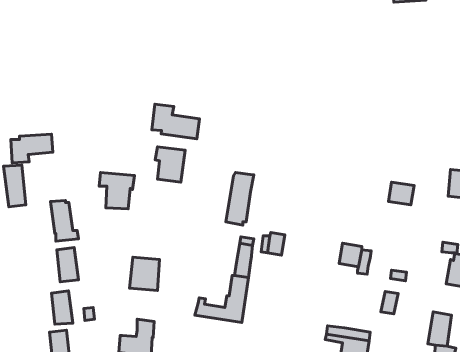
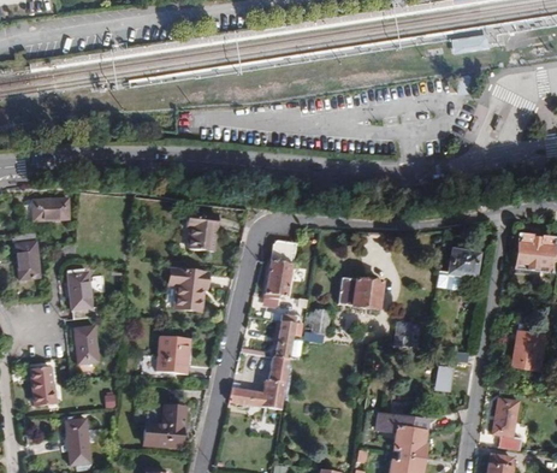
building: [152,104,199,139] -> none
building: [99,172,135,209] -> [168,268,208,309]
building: none -> [337,276,383,309]
building: [52,291,73,324] -> [31,367,55,404]

